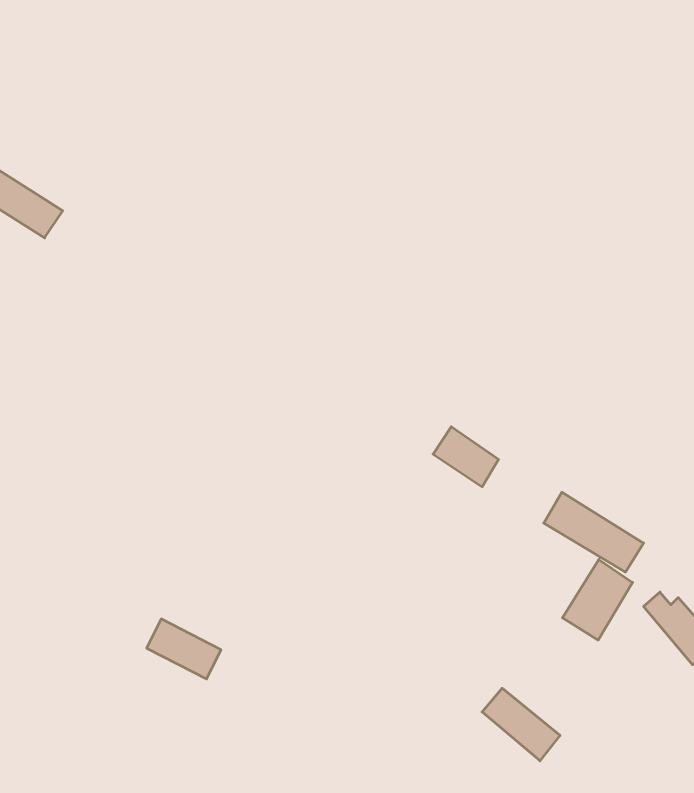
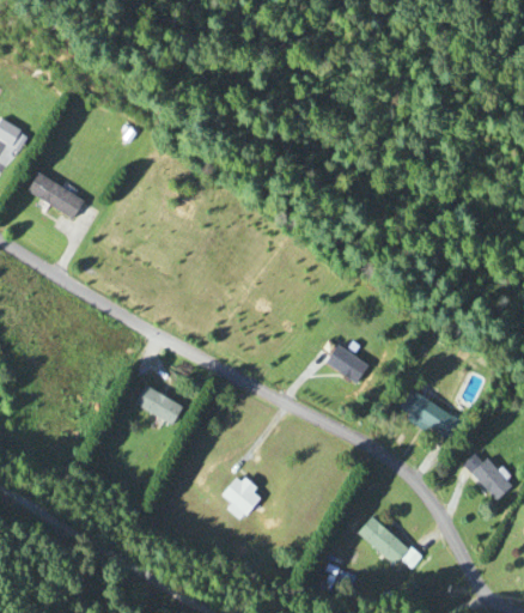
building: [562,559,633,640] -> none
building: [147,619,221,679] -> [134,386,183,425]
building: none -> [221,475,263,518]

